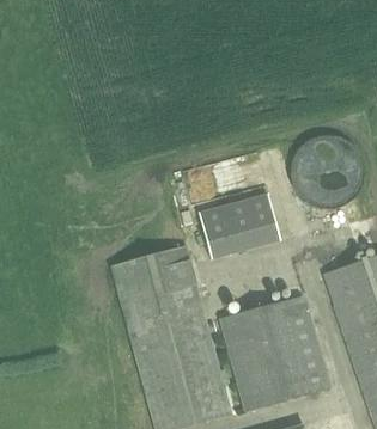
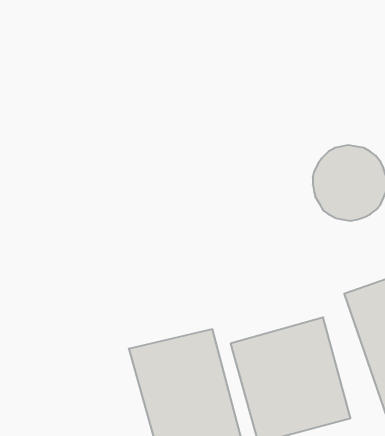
building: [197,192,280,259] -> none
building: [110,244,202,323] -> none

